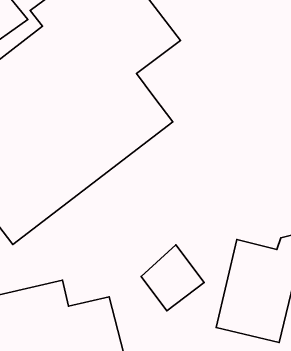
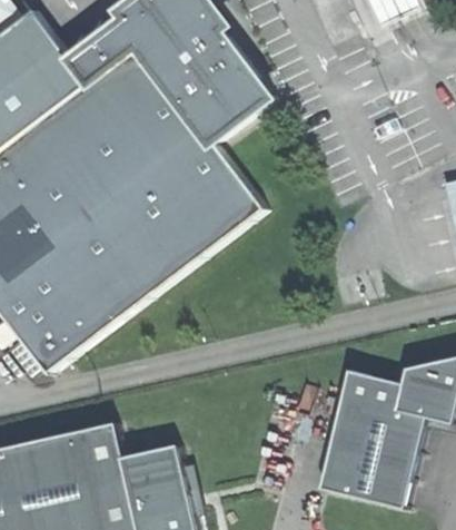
building: [141,245,204,311] -> none

